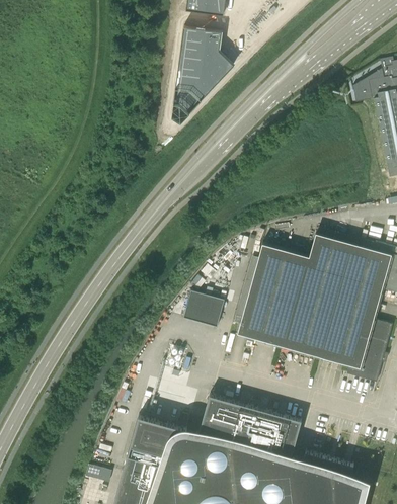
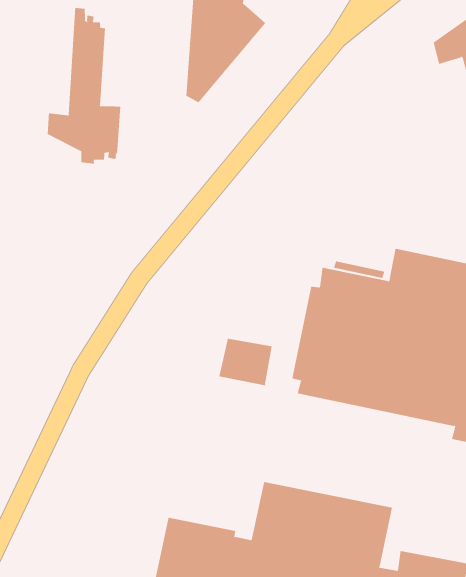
building: none -> [47,7,121,165]

